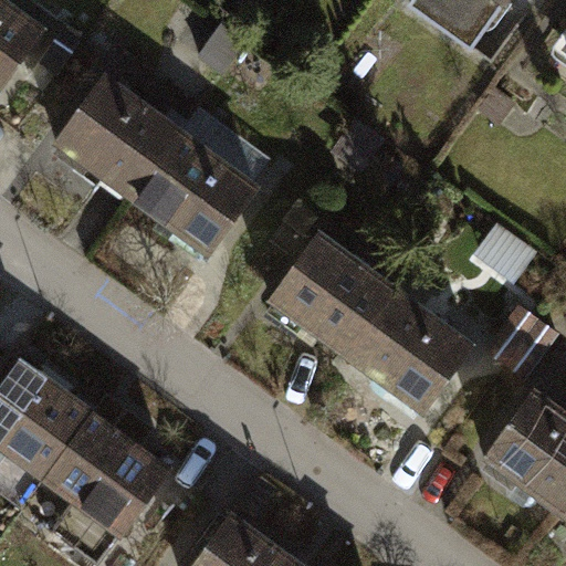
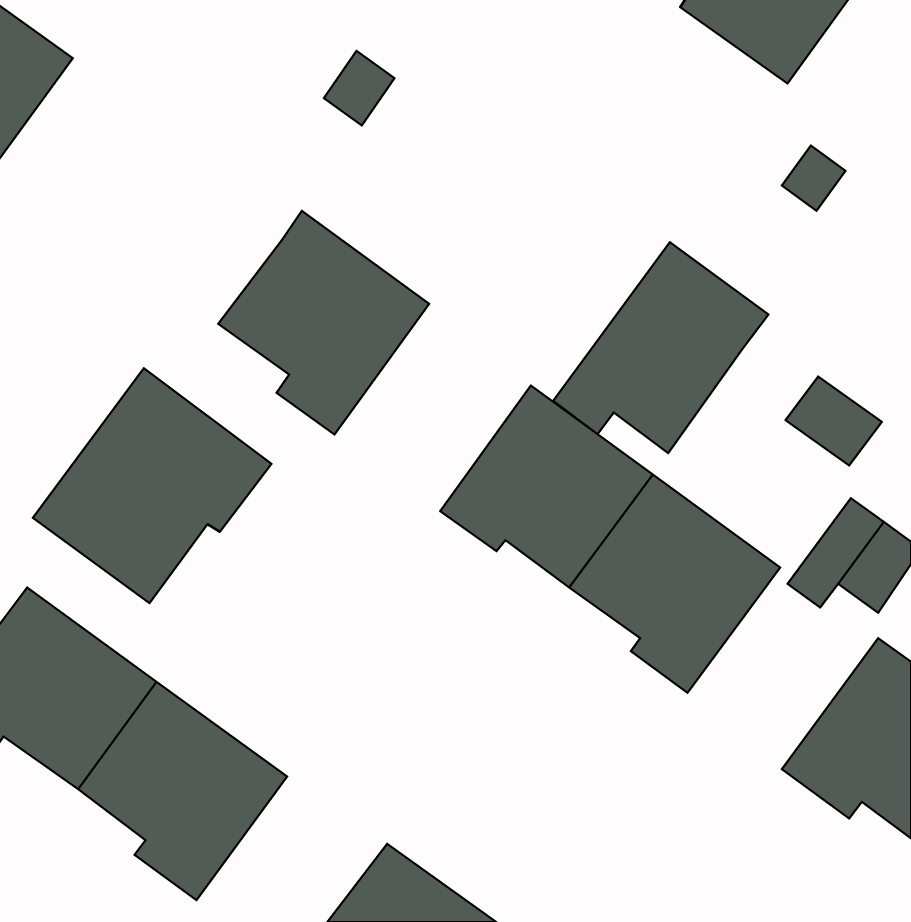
building: [55,72,184,201] -> none
building: none -> [553,242,769,453]
building: none -> [33,368,271,603]

